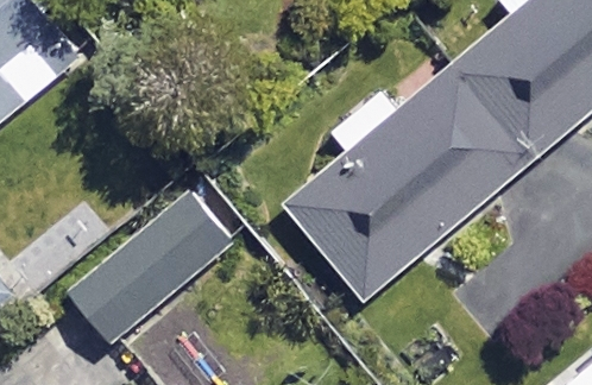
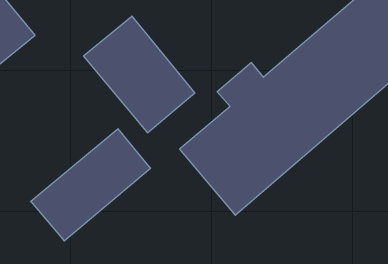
building: none -> [84,16,195,133]

